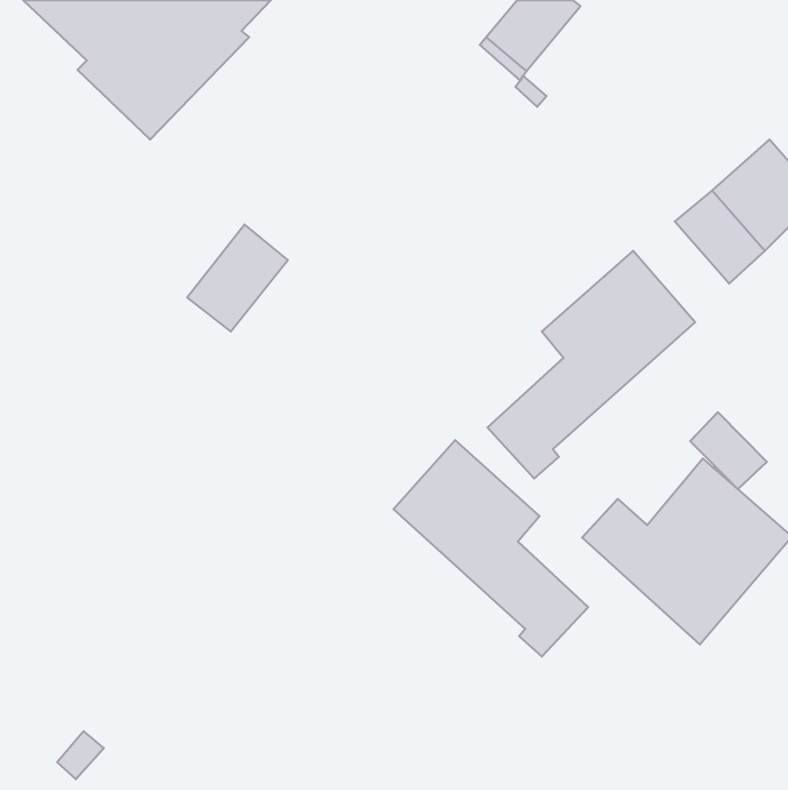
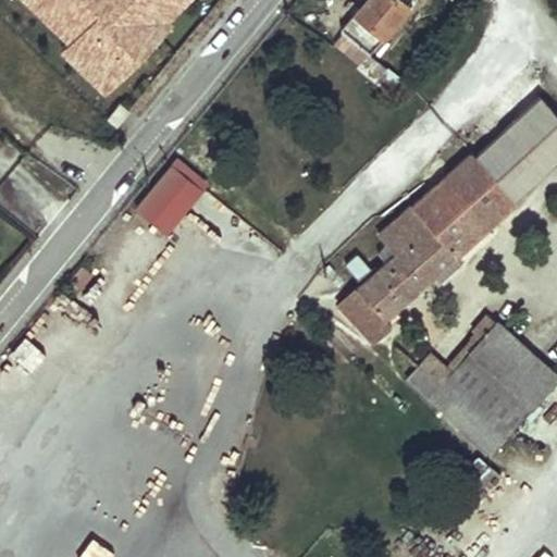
building: none -> [447,153,518,227]
building: [690,412,767,489] -> none
building: [393,440,588,657] -> none

